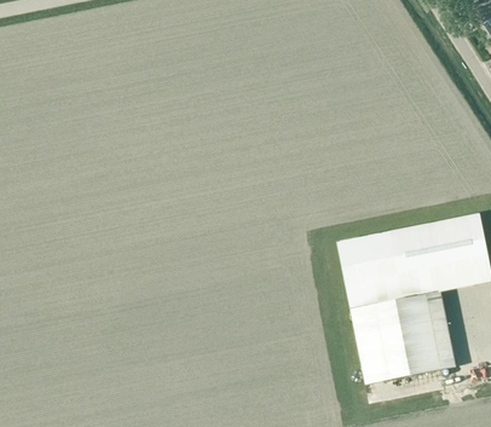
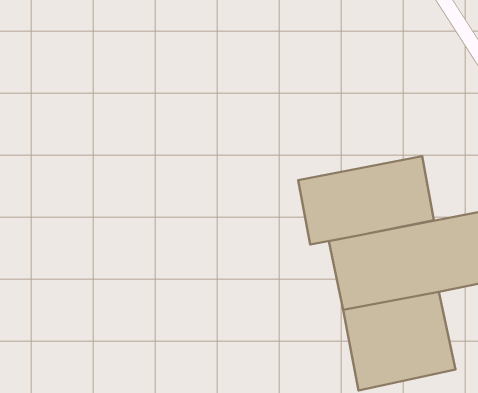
building: none -> [298,156,434,244]

